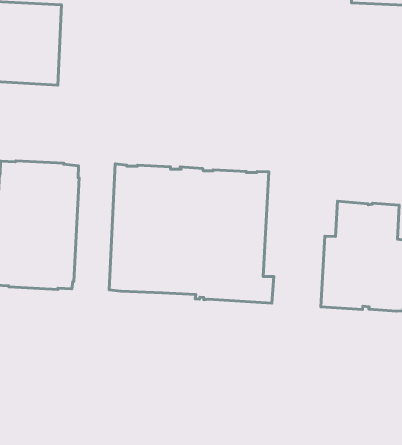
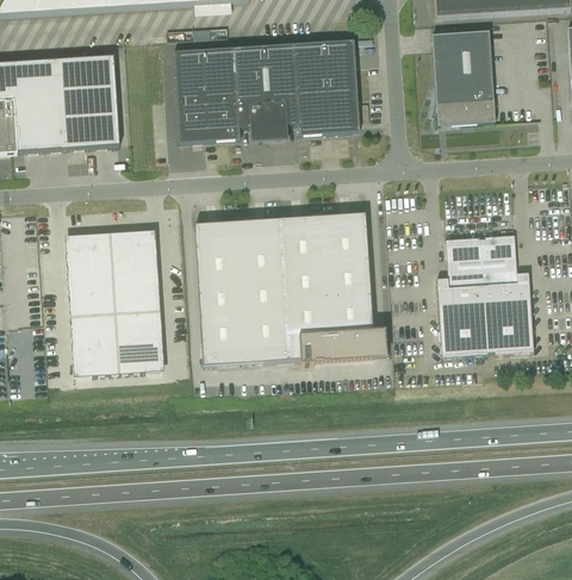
building: none -> [174,39,359,142]
building: none -> [431,30,495,124]

